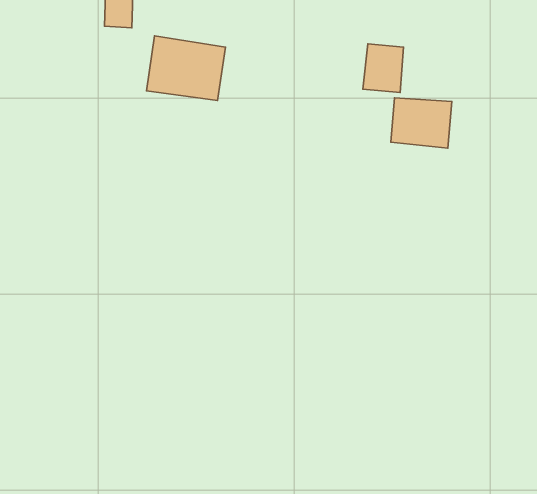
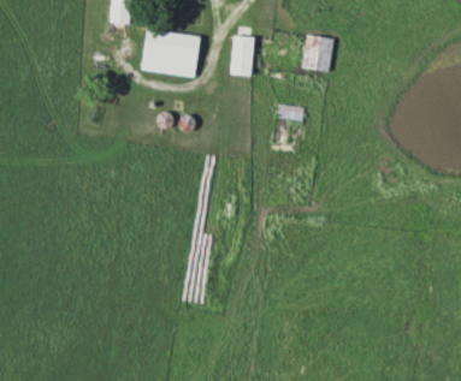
building: none -> [231,36,253,75]
building: [391,98,452,148] -> none

